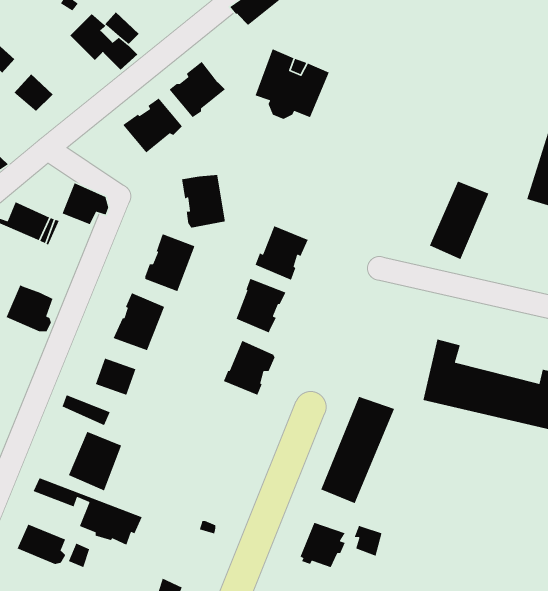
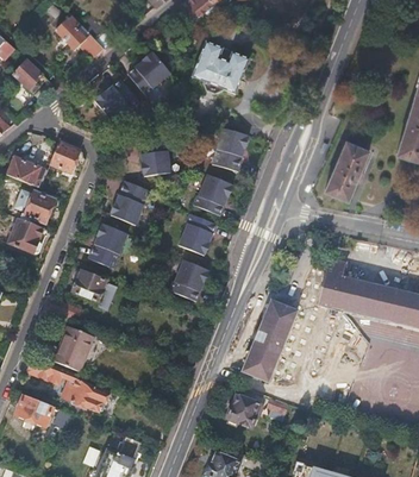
building: none -> [212,127,249,170]
building: none -> [20,193,55,224]

